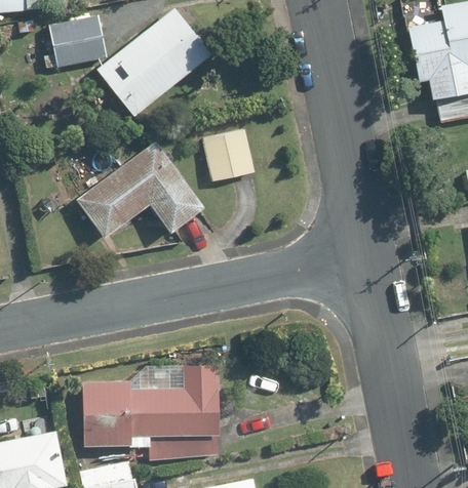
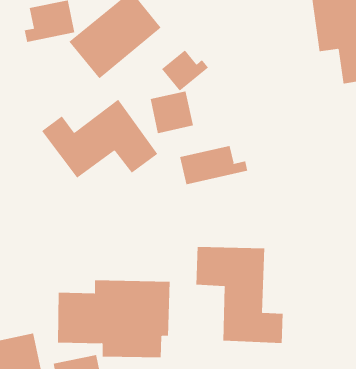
building: none -> [161,49,209,92]
building: none -> [180,145,248,185]
building: none -> [196,246,283,344]

